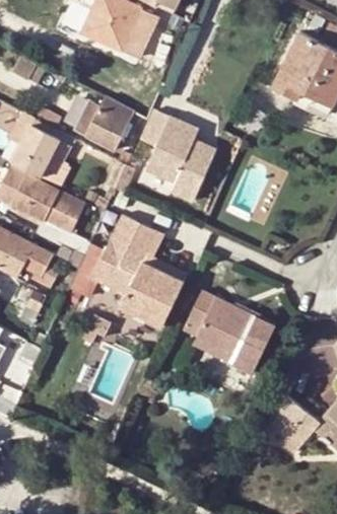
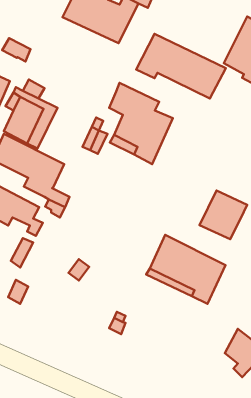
building: none -> [136,34,226,99]
building: [76,98,134,150] -> none
building: [90,214,184,326] -> none
building: none -> [199,191,247,239]

